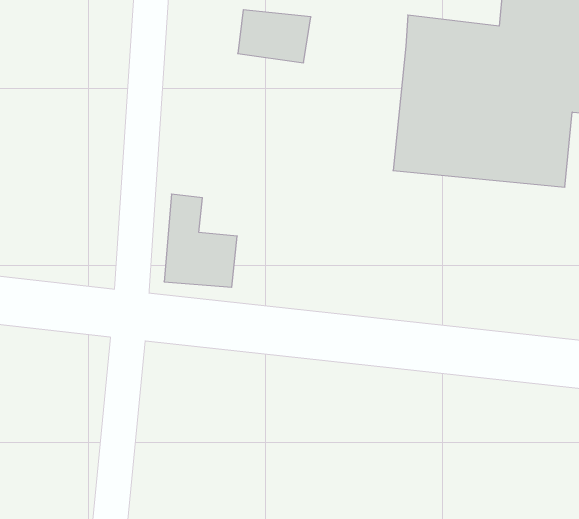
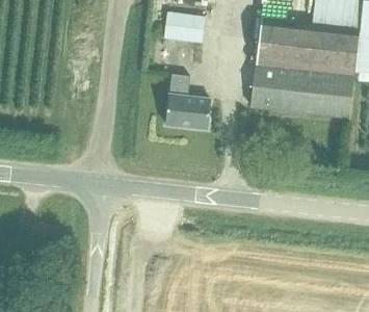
building: [164,194,237,287] -> [167,75,209,128]

